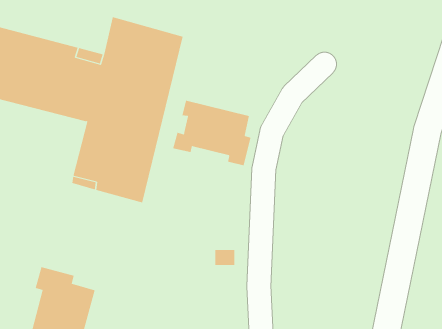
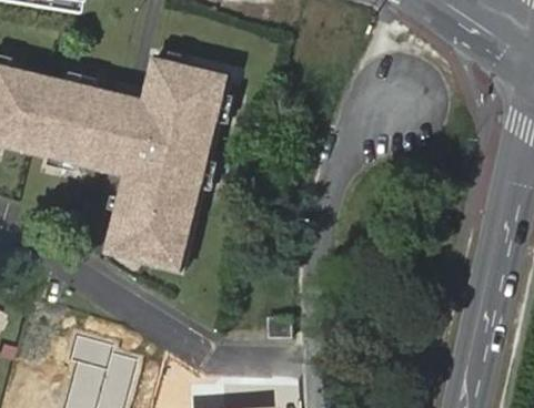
building: [173,100,251,166] -> none

